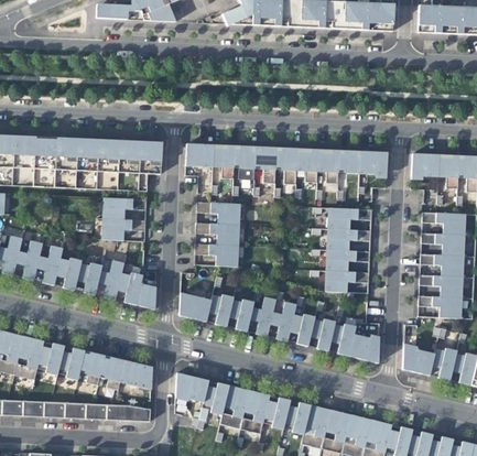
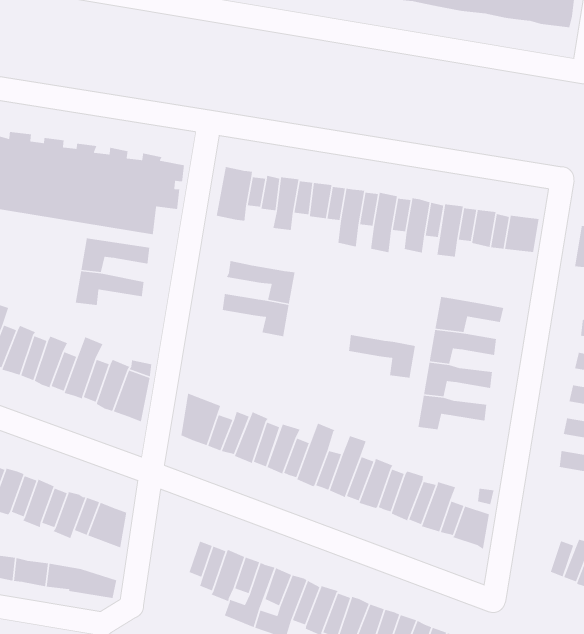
building: [195,243,237,267] -> [348,334,416,378]
building: [402,346,425,373] -> none
building: [176,372,200,400] -> none

